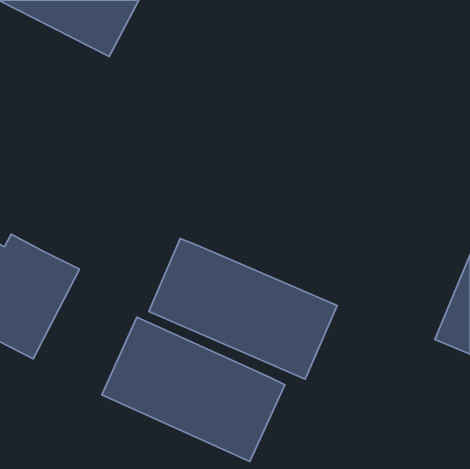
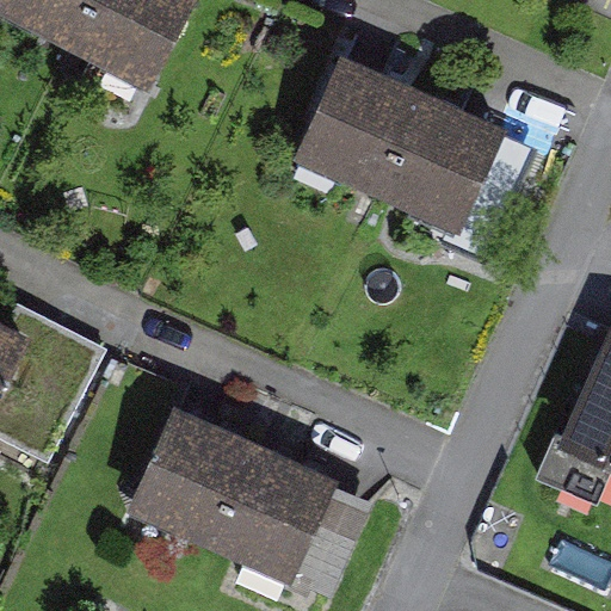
building: none -> [290,53,525,261]
building: [149,238,337,379] -> none

